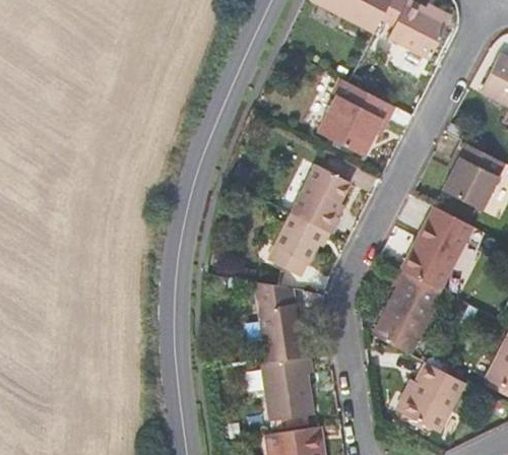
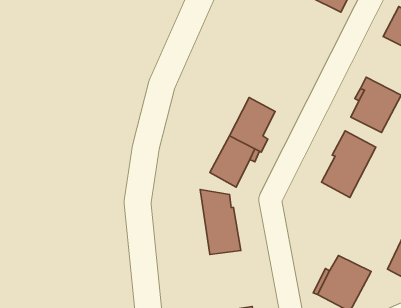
building: [320,78,395,153] -> none
building: [373,269,444,354] -> none
building: [260,355,313,420] -> none

